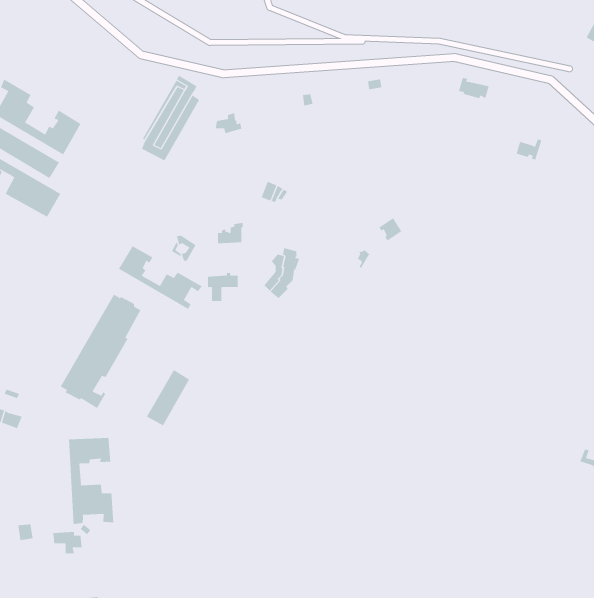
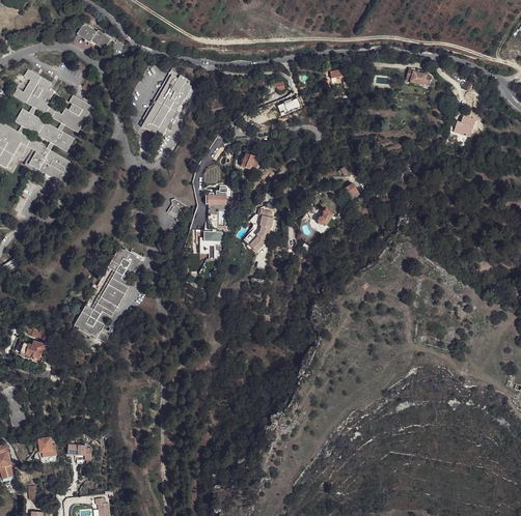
building: none -> [76,23,110,49]
building: [118,246,202,310] -> none
building: [146,369,190,426] -> none
building: [68,437,114,525] -> none

